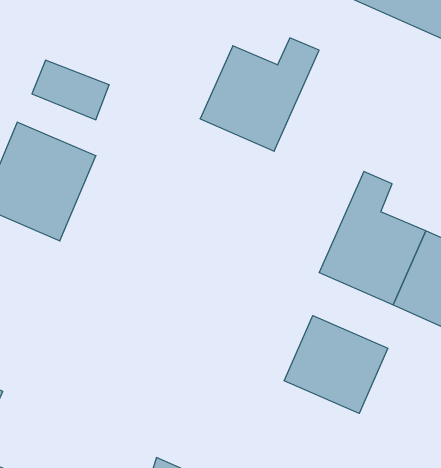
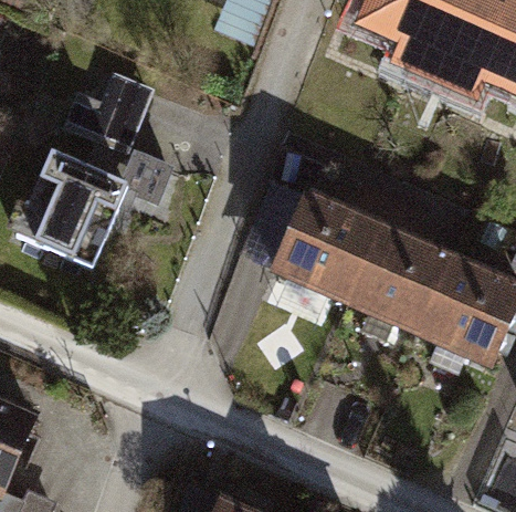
building: [200,38,319,151] -> [275,188,392,300]
building: [284,316,388,413] -> none

